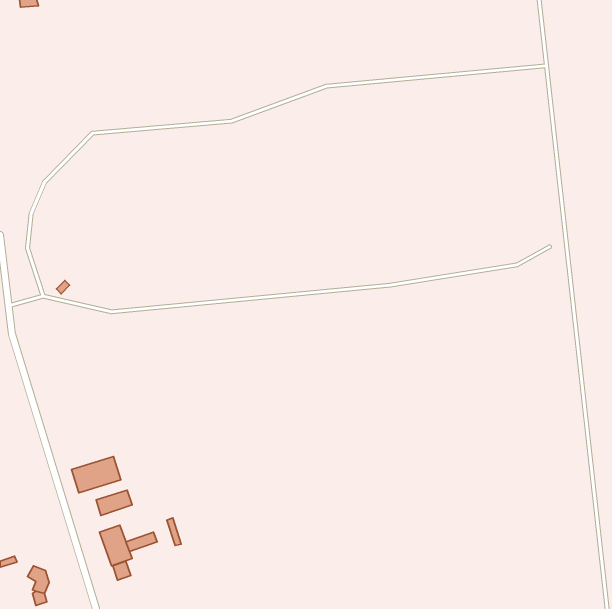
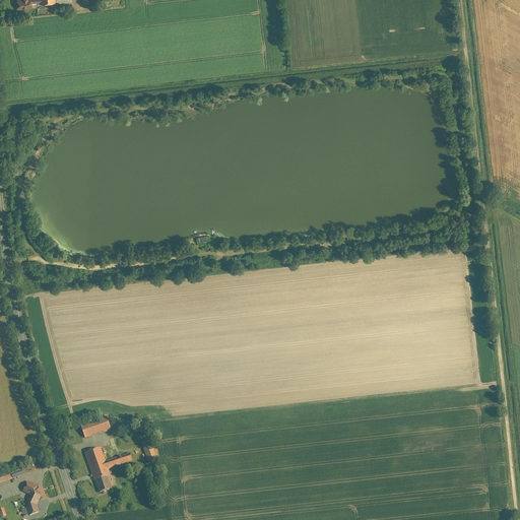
building: [72,457,121,493] -> none

